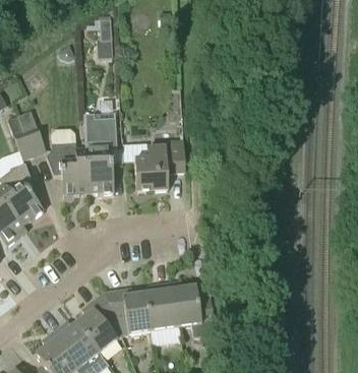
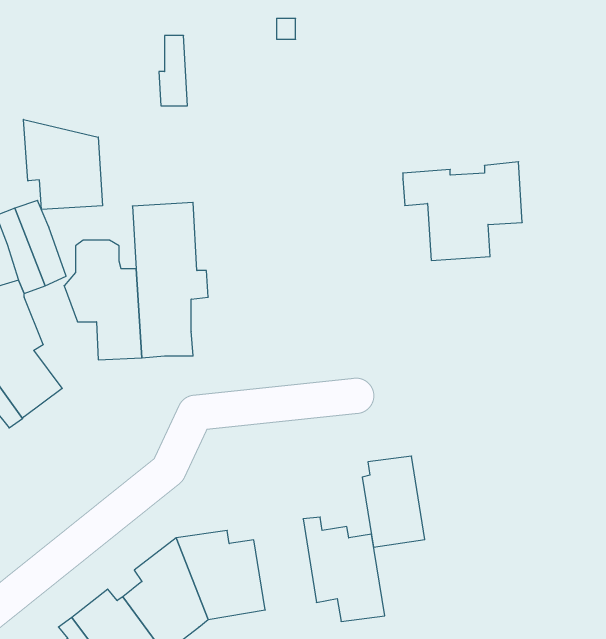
building: none -> [23,119,102,210]
building: [121,139,185,192] -> [403,162,522,260]
building: [146,282,180,330] -> [362,456,425,547]

